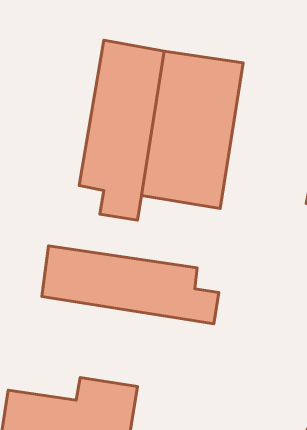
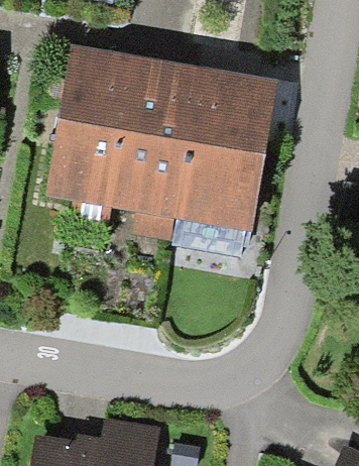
building: none -> [46,49,134,227]
building: [42,246,219,324] -> none

